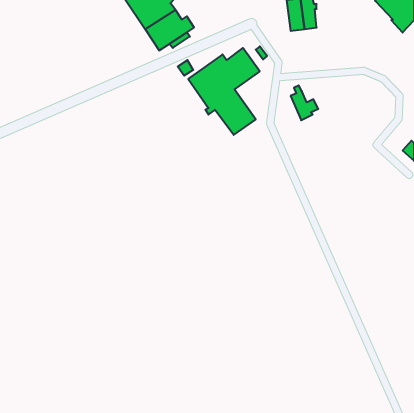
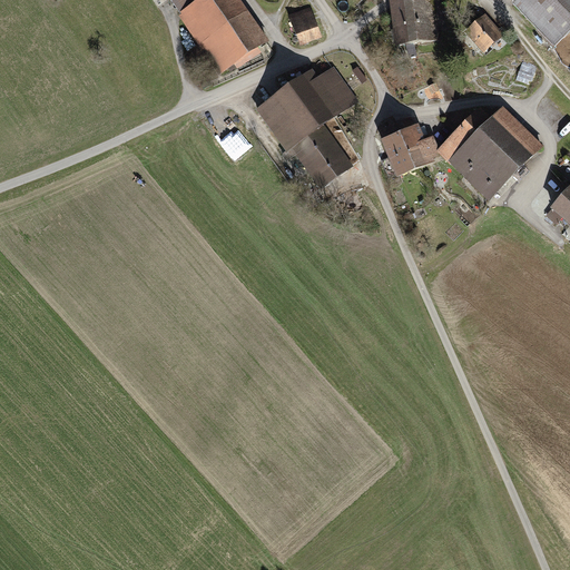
building: none -> [288,7,320,41]
building: none -> [468,14,501,48]
building: none -> [440,107,540,197]
building: none -> [381,124,413,175]

